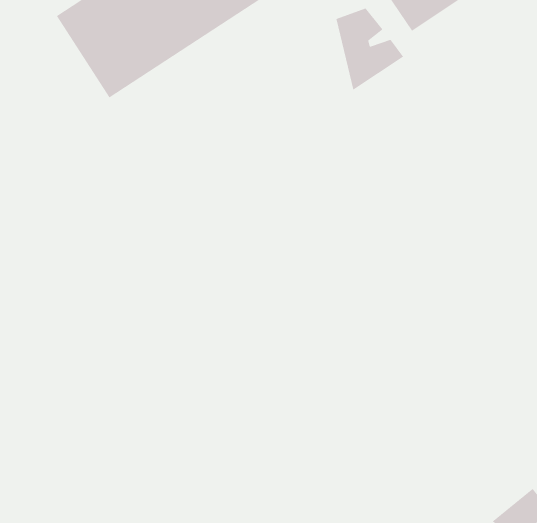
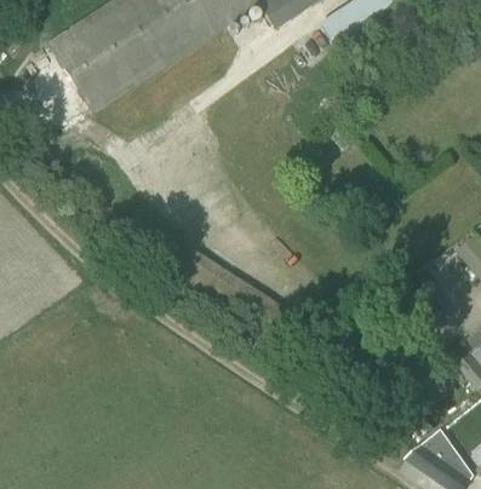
building: [335,7,404,91] -> none

